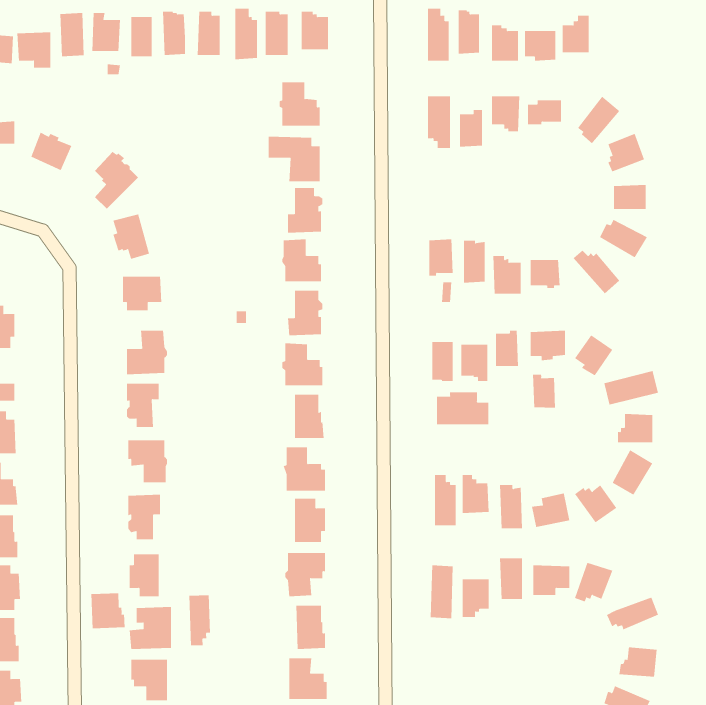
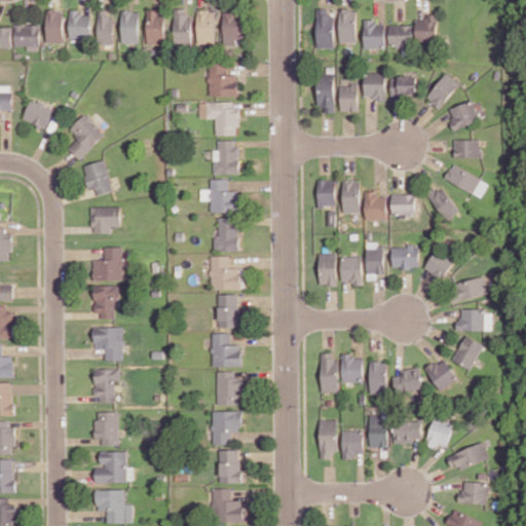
building: [533,374,556,408] -> none
building: [436,392,489,425] -> none
building: [91,593,125,629] -> none
building: [189,595,210,646] -> none

